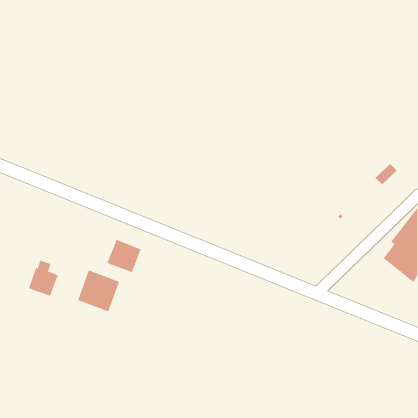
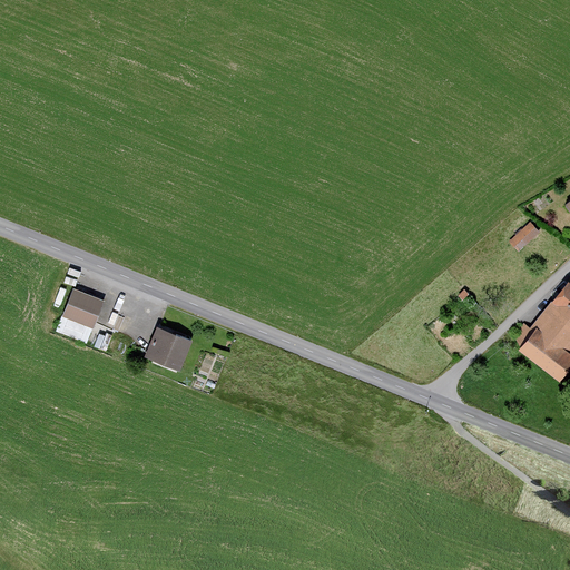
building: [28,260,59,297] -> [63,278,105,328]
building: [78,269,120,312] -> none

